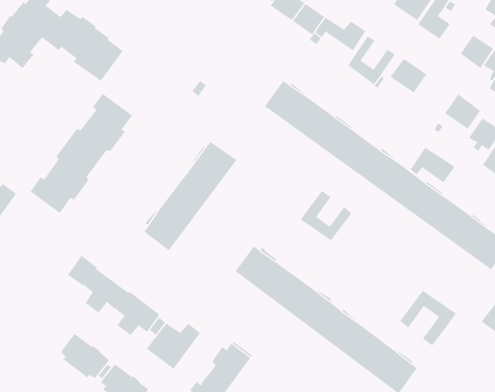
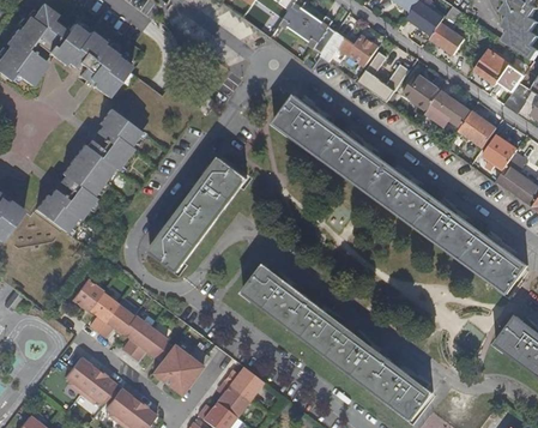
building: [410,147,455,183] -> [424,91,471,128]
building: [300,190,352,241] -> none
building: [399,290,457,346] -> none

